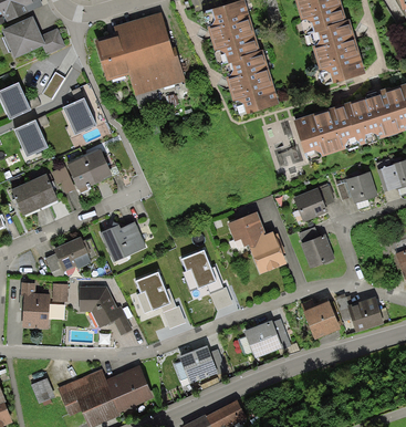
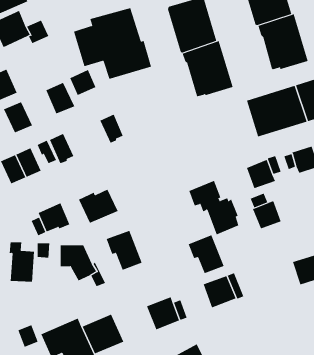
building: none -> [70,69,96,96]
building: [83,149,111,184] -> [100,114,124,143]
building: [177,247,219,292] -> [188,235,224,274]
building: [302,301,341,340] -> none

